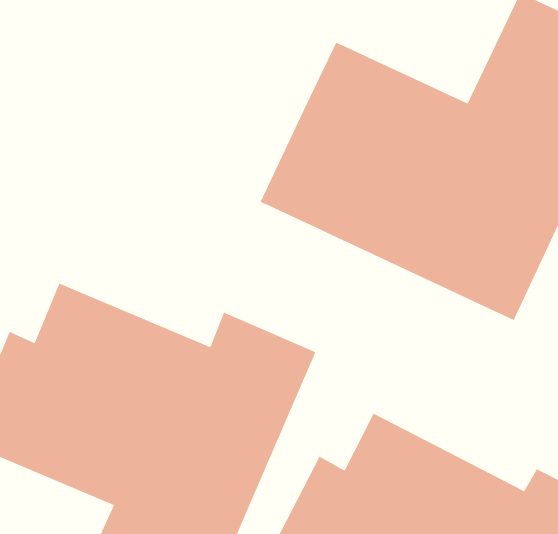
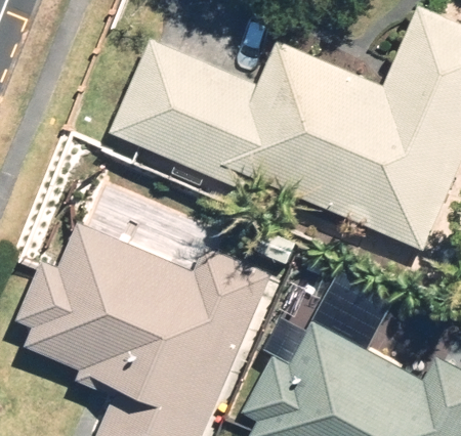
building: none -> [106,39,262,188]

